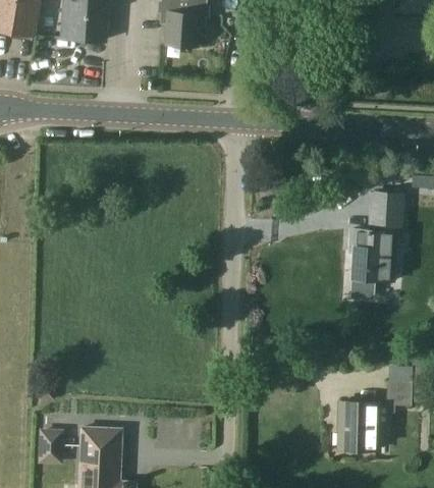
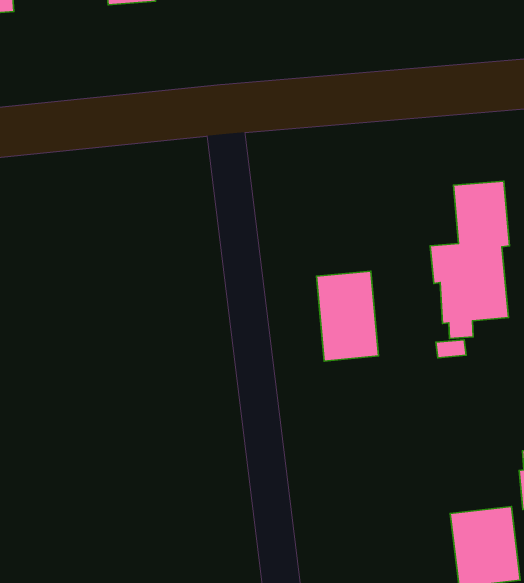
building: none -> [316,271,378,361]

